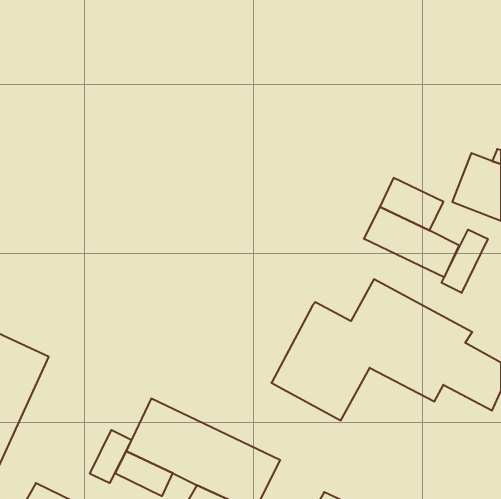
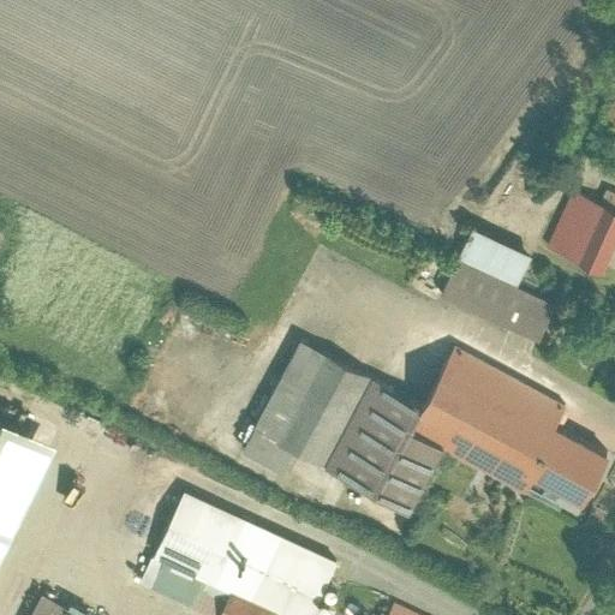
building: [442,230,488,293] -> none
building: none -> [243,341,377,477]
building: [90,430,132,483] -> none

